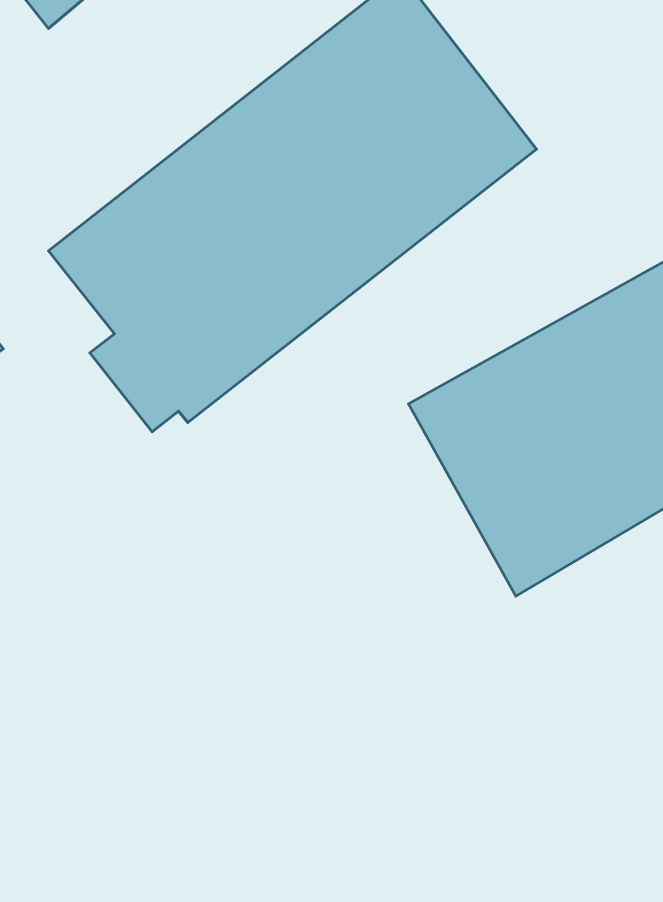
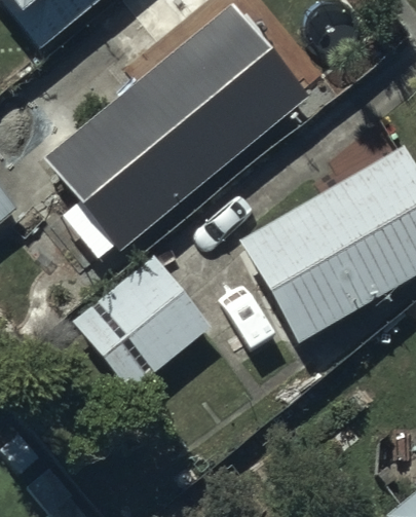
building: none -> [74,253,213,390]

